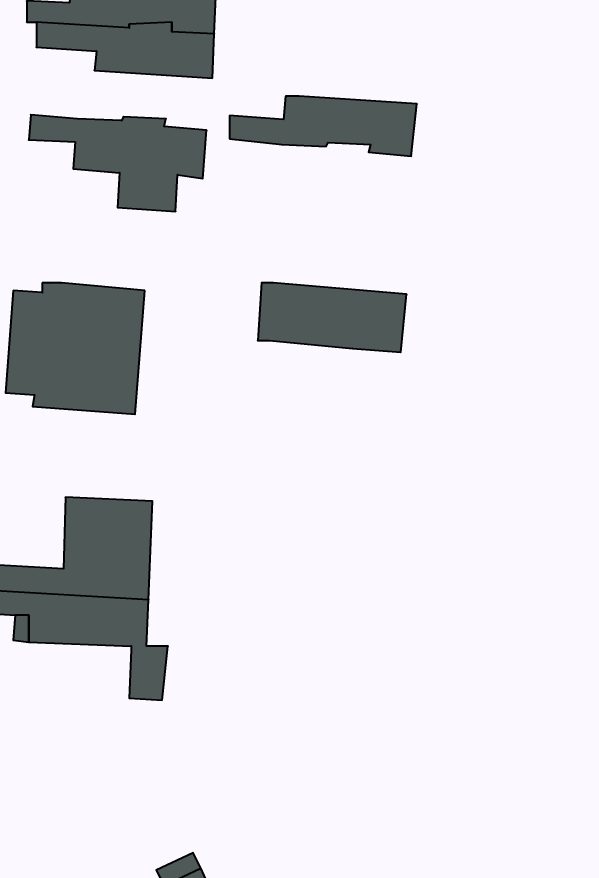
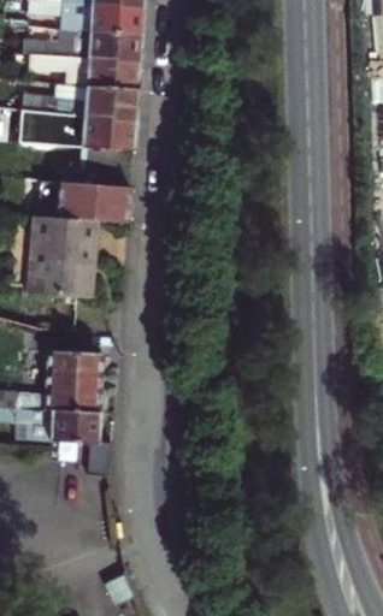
building: [230,96,417,156] -> [23,83,140,120]
building: [258,283,407,352] -> [39,179,131,223]

